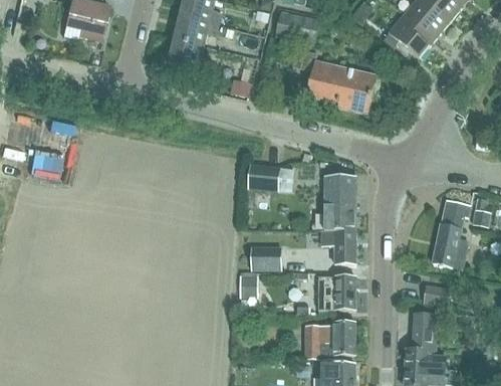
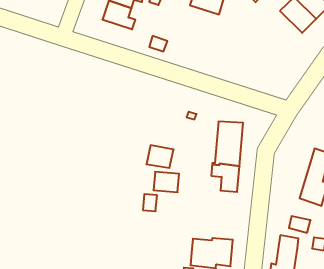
building: [306,60,377,114] -> none
building: [248,164,280,190] -> [146,145,174,168]
building: [317,277,356,311] -> none

